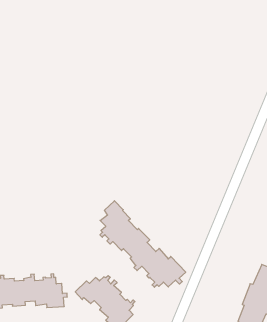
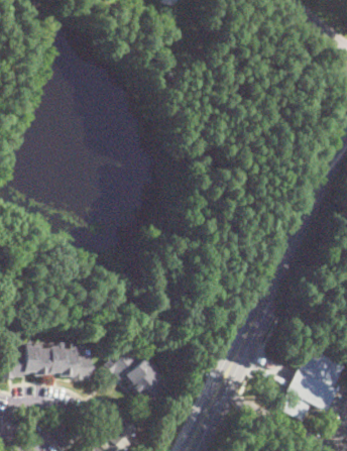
building: [100,201,186,287] -> none

